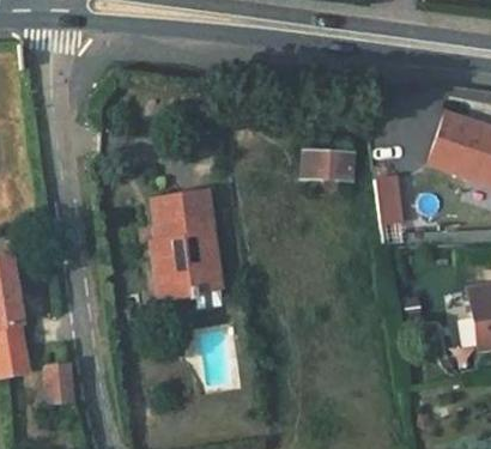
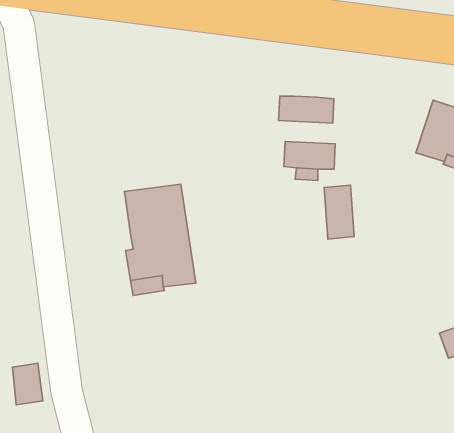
building: none -> [279,96,334,123]
building: [374,172,402,224] -> [324,185,354,239]

